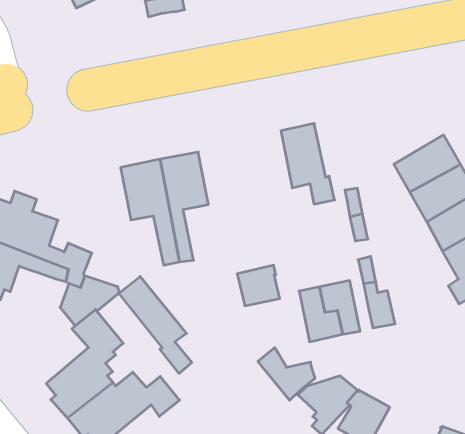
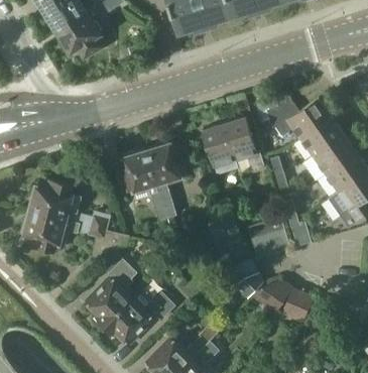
building: none -> [266,98,330,138]
building: none -> [203,124,237,174]
building: [119,276,192,373] -> none

